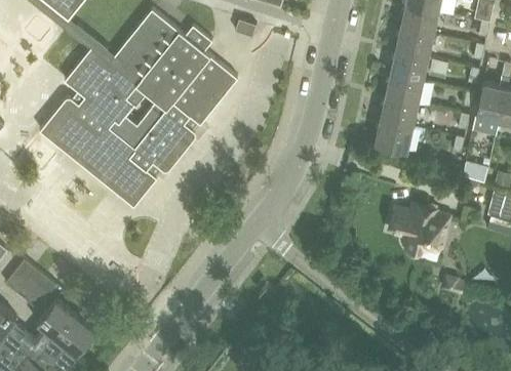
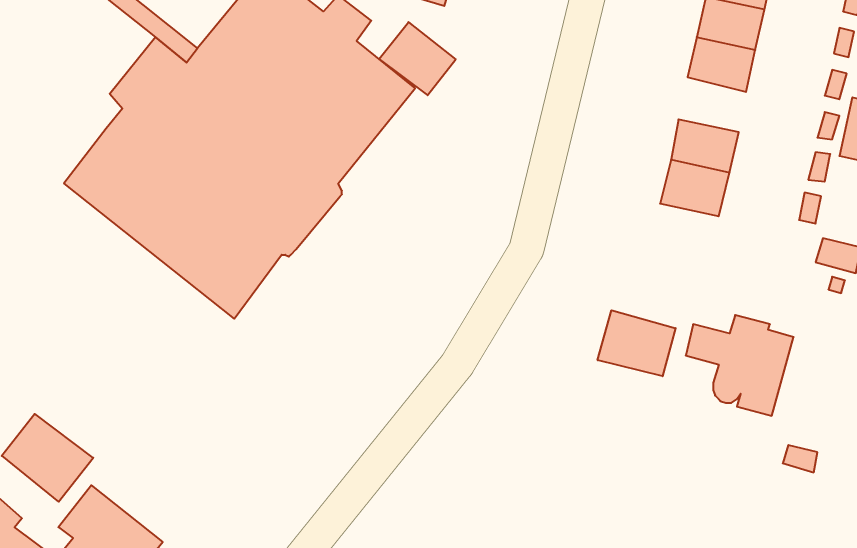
building: none -> [379,22,456,95]
building: [385,70,423,100] -> none
building: none -> [598,310,676,376]

